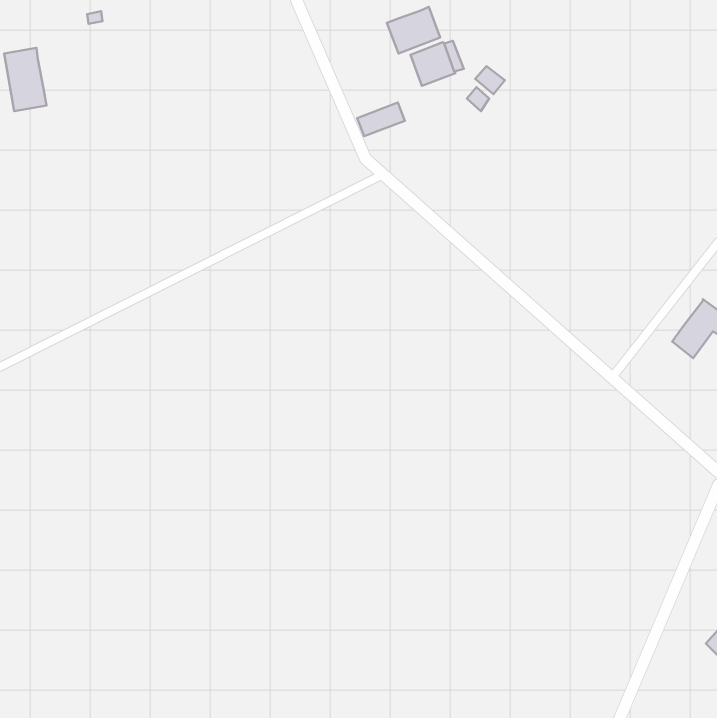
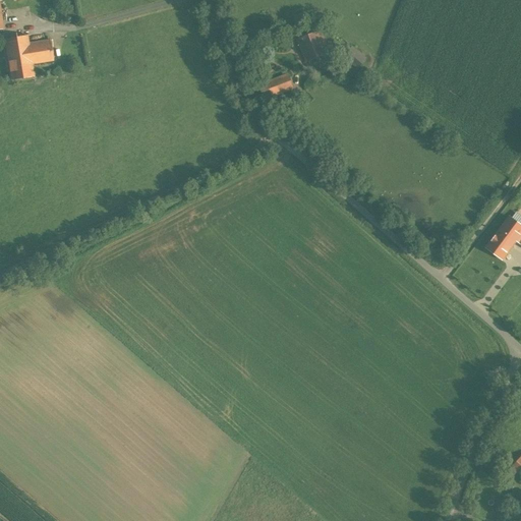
building: [387,7,440,53] -> none
building: none -> [28,40,54,64]

